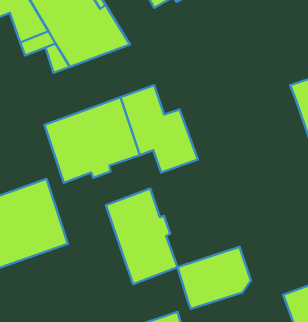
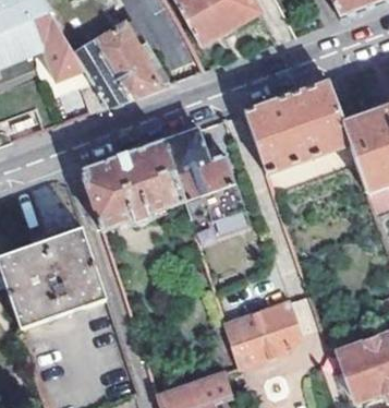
building: none -> [243,81,351,173]
building: [106,189,178,284] -> none

